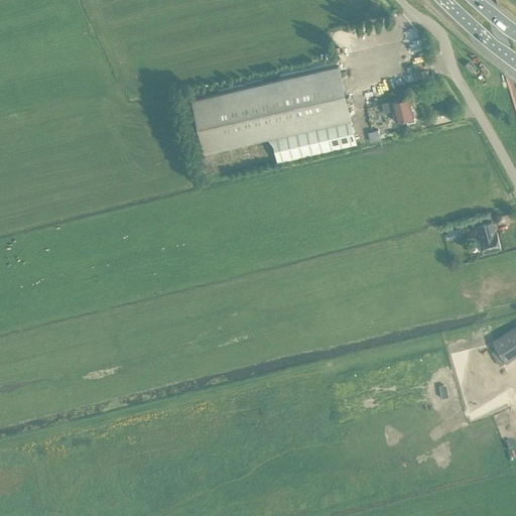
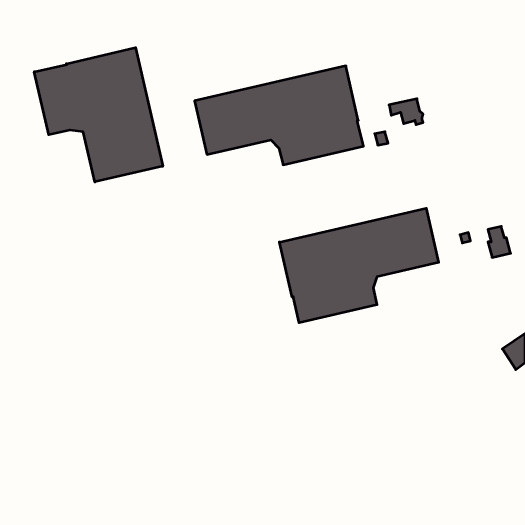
building: none -> [34,48,163,182]
building: none -> [279,208,439,323]

